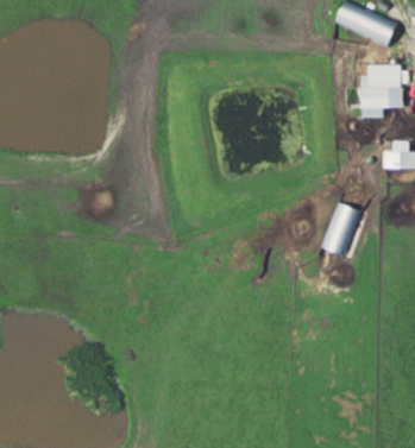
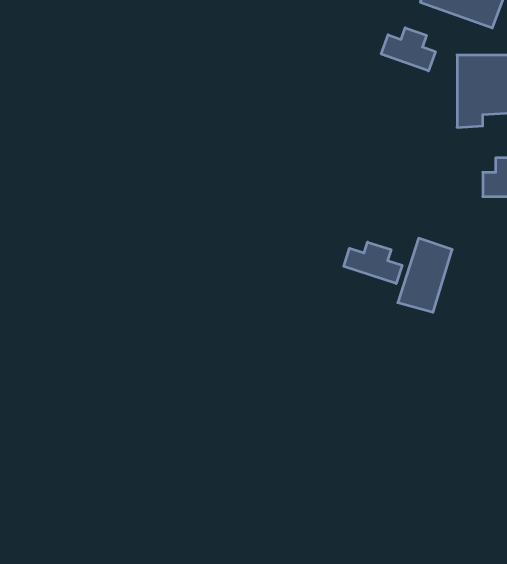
building: none -> [381,28,435,71]
building: none -> [344,242,402,284]

